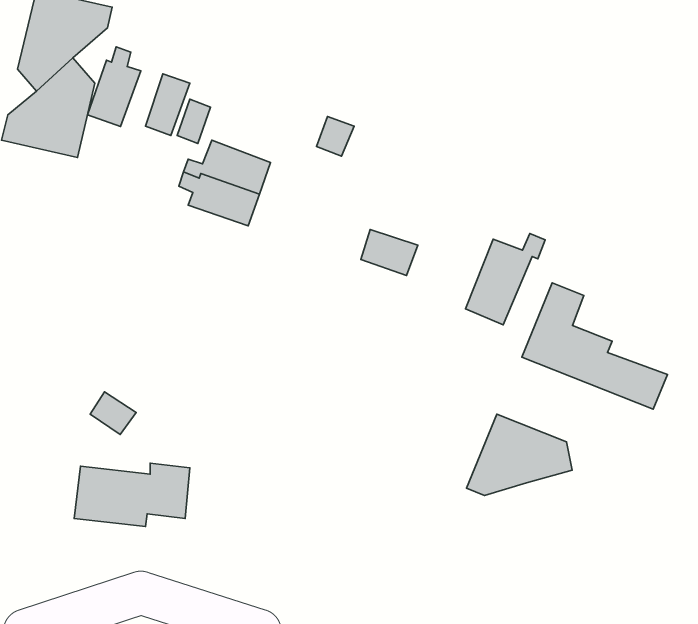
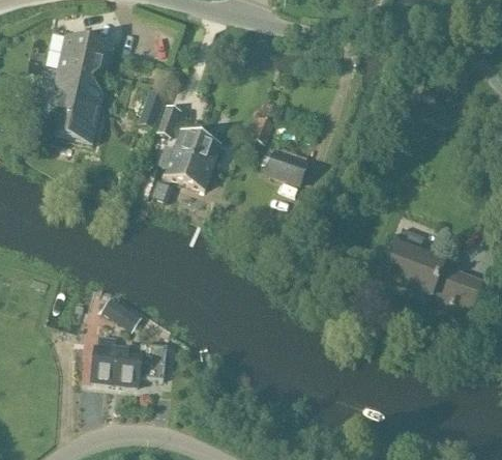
building: [87,47,141,127] -> none
building: [361,229,418,275] -> [269,151,306,181]
building: [465,234,545,325] -> none
building: [466,414,572,496] -> none

